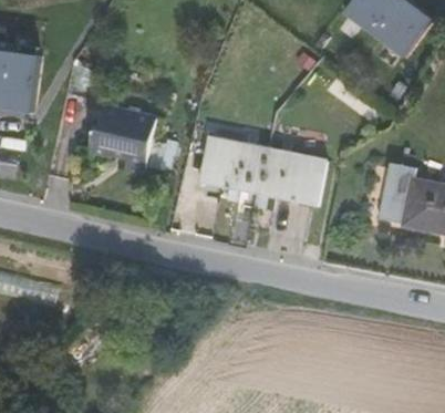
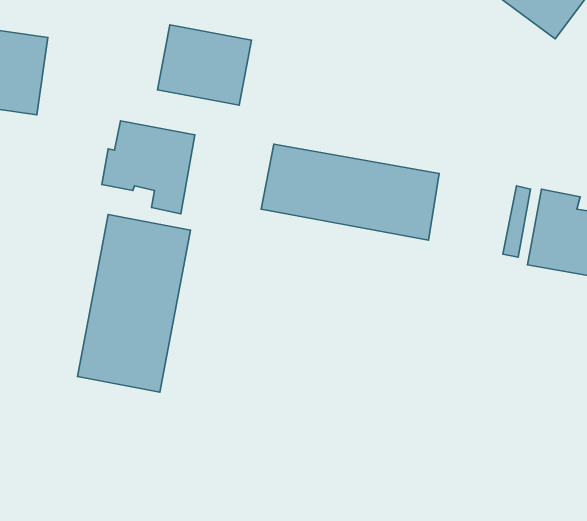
building: none -> [158,25,251,105]
building: none -> [78,214,190,392]

